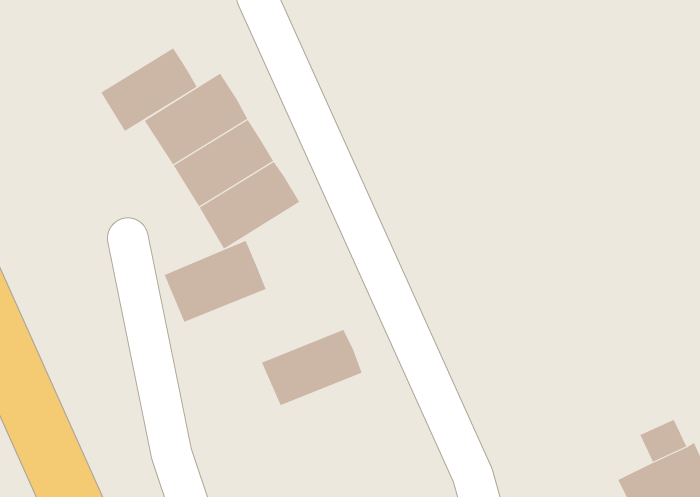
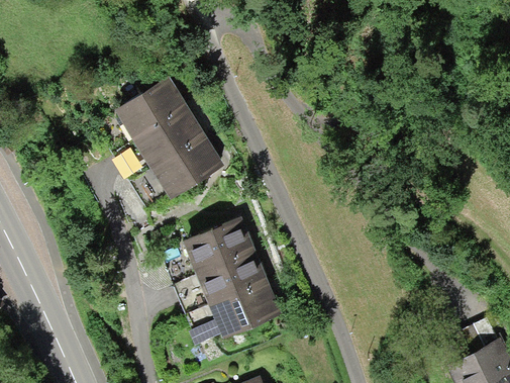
building: [101,47,198,132] -> none
building: [164,240,267,323] -> [184,220,256,278]
building: none -> [211,285,283,342]

